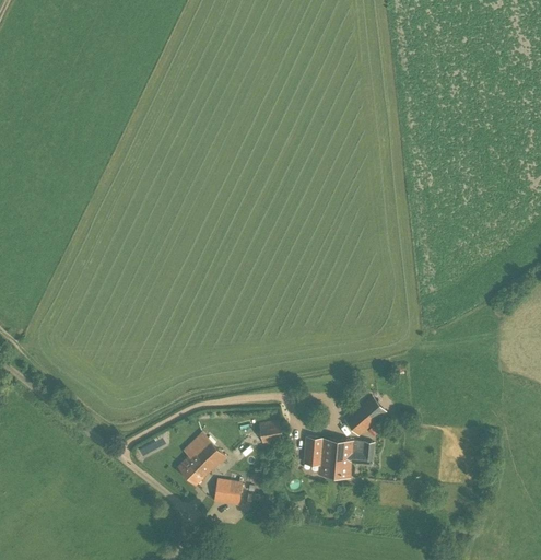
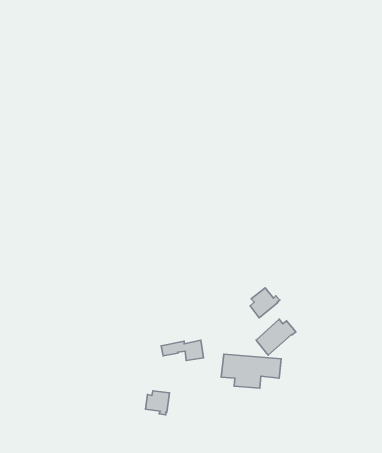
building: none -> [250,288,280,318]
building: [178,433,227,487] -> none

